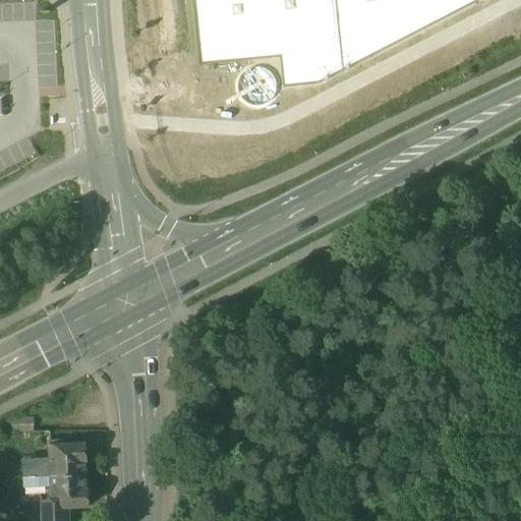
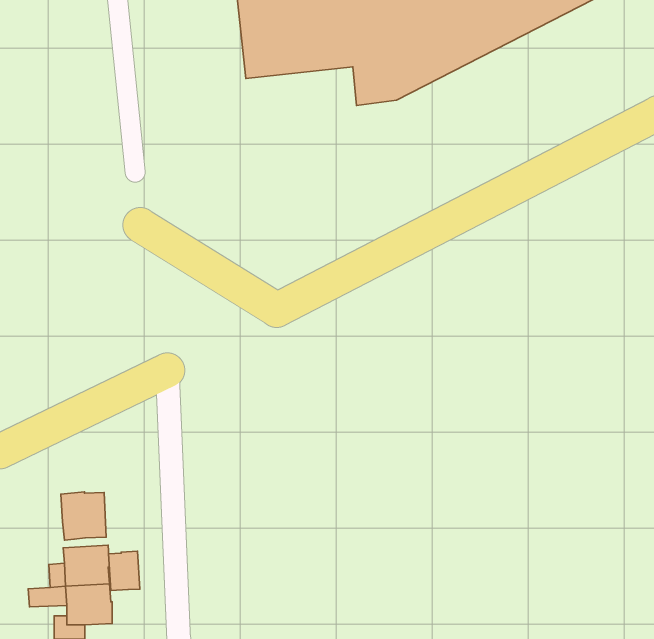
building: none -> [61,492,106,540]
building: none -> [109,551,140,591]

